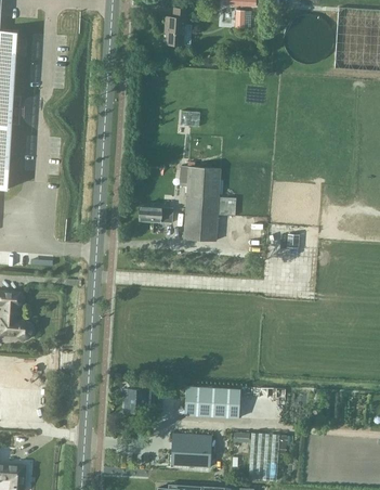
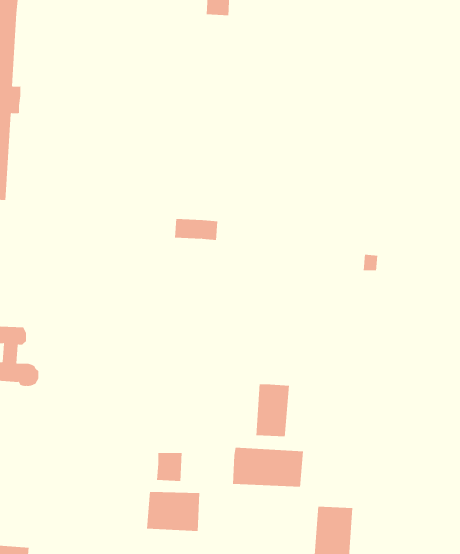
building: [184,164,235,240] -> none
building: none -> [256,383,289,437]
building: [170,433,212,464] -> [146,491,200,531]

